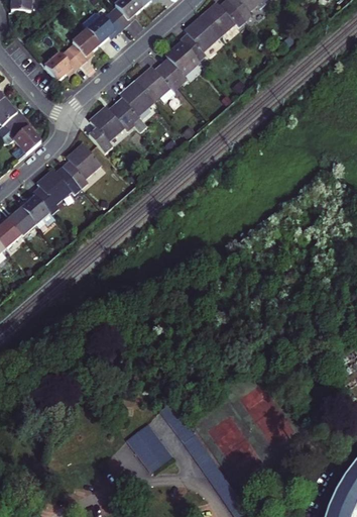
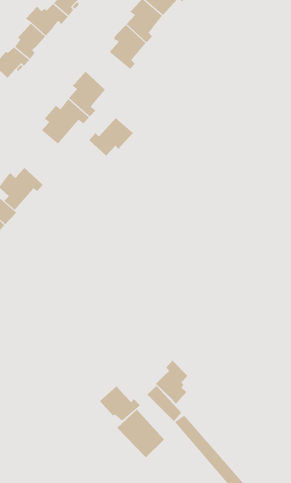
building: [135,64,180,101] -> none
building: none -> [89,117,134,157]
building: [64,143,100,188] -> none
building: none -> [155,360,188,404]
building: none -> [99,385,141,421]

